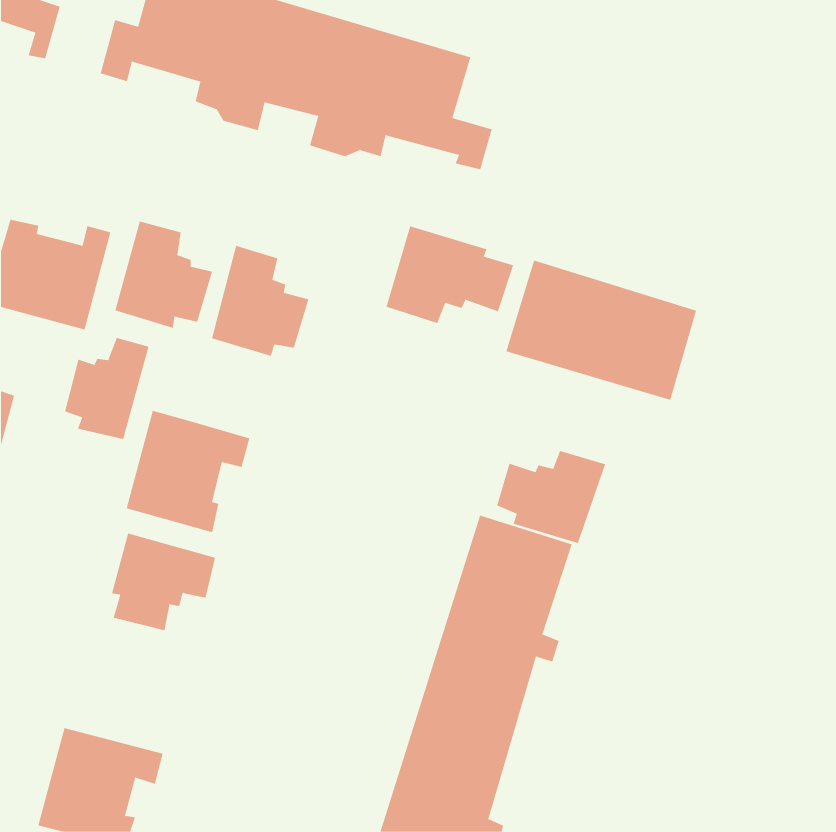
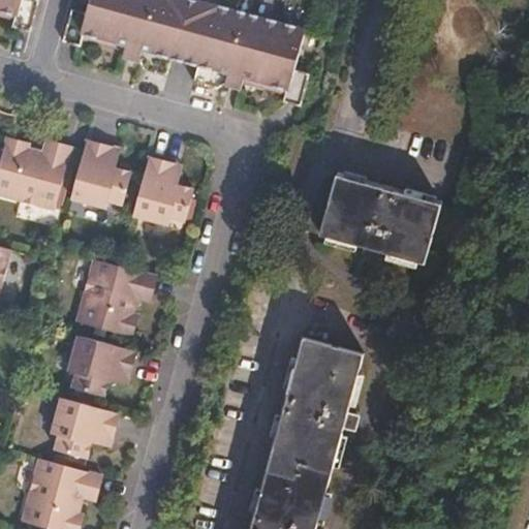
building: [386,225,514,324] -> none
building: [64,337,149,440] -> none
building: [496,450,606,544] -> none
building: none -> [53,400,120,460]

